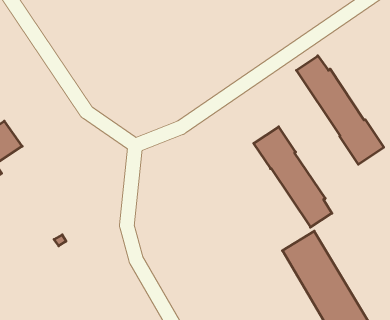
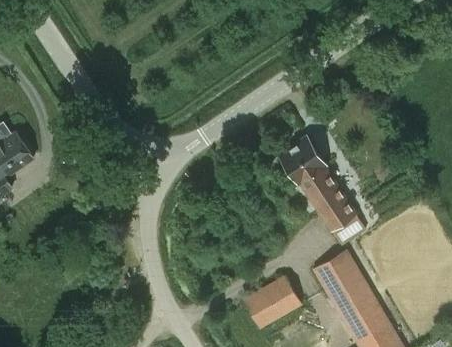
building: [296,56,384,164] -> none
building: none -> [242,275,302,330]

